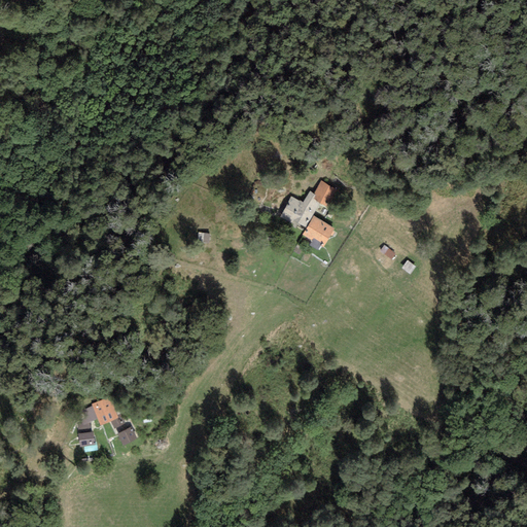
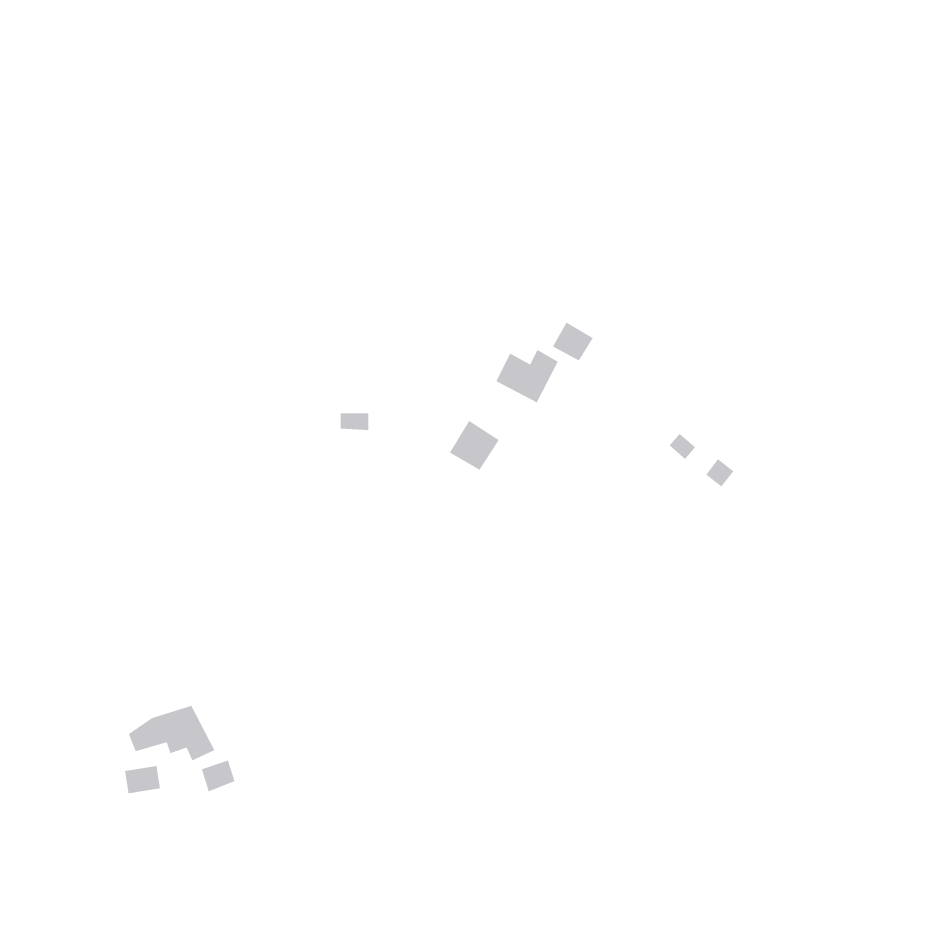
building: [305,218,333,247] -> [449,420,500,471]

